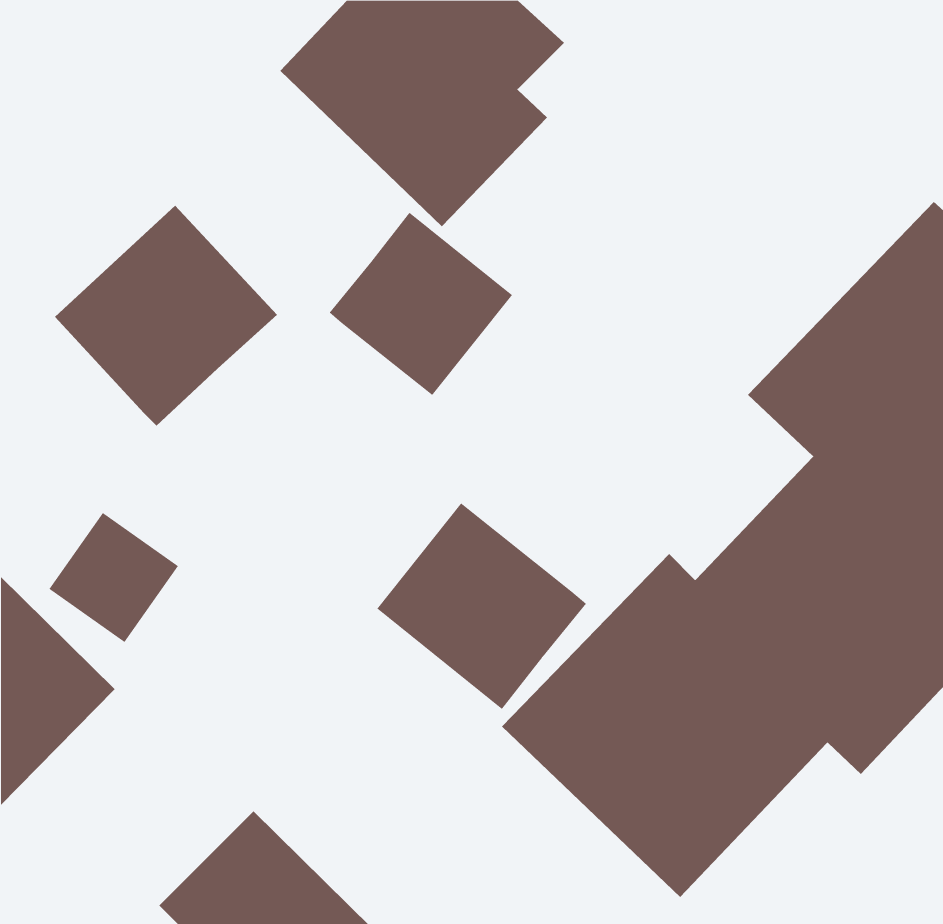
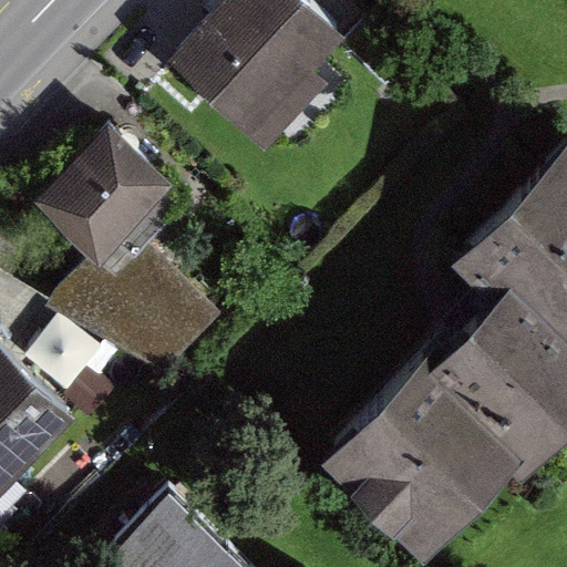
building: [329,212,513,396] -> none
building: none -> [54,236,228,370]
building: [376,503,587,710] -> none

